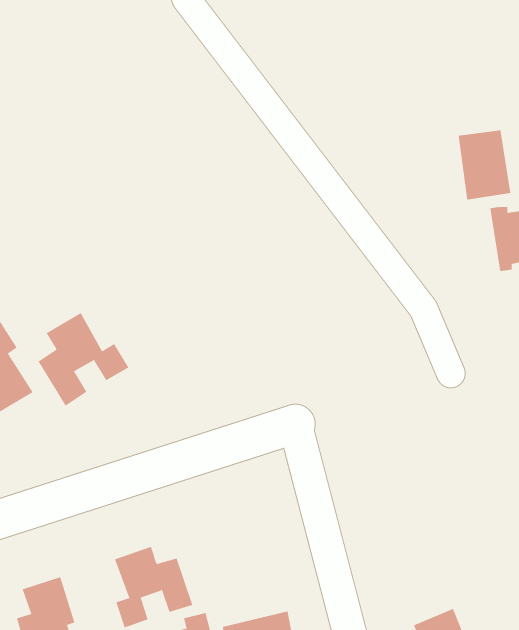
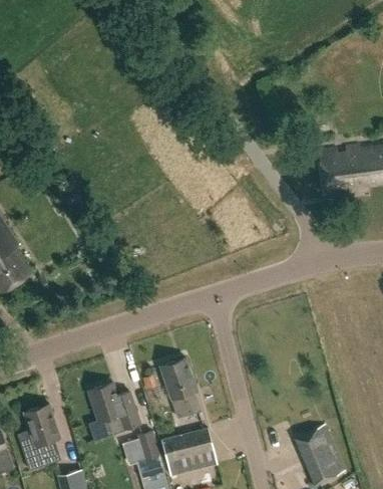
building: [458,130,511,200] -> [318,148,355,197]
building: [38,312,129,407] -> none
building: none -> [159,358,200,419]

